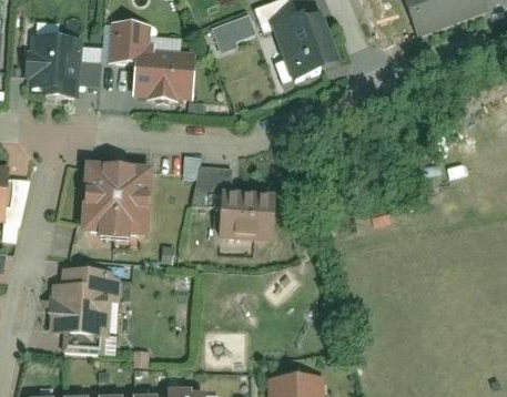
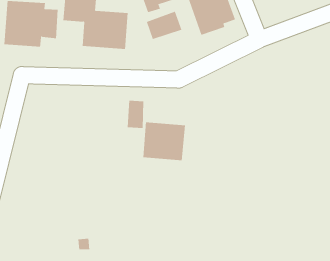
building: none -> [146,11,182,40]
building: [77,164,149,241] -> none
building: [48,267,107,340] -> none

